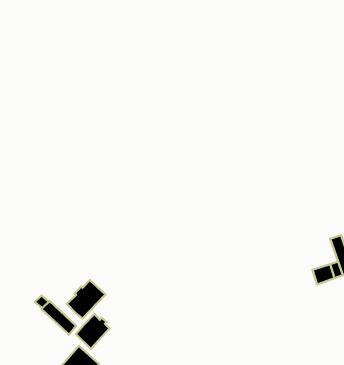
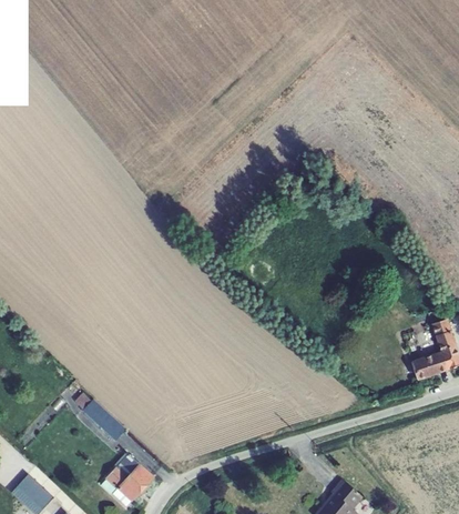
building: [67,280,106,318] -> none
building: [76,314,109,349] -> none

